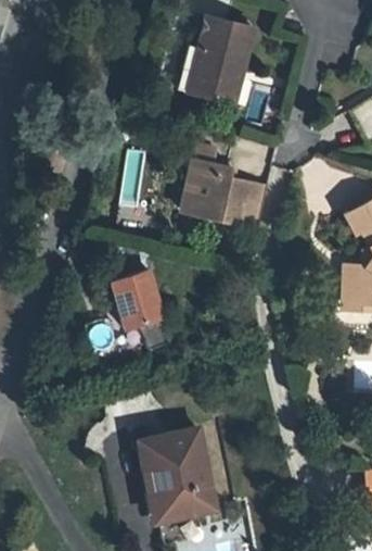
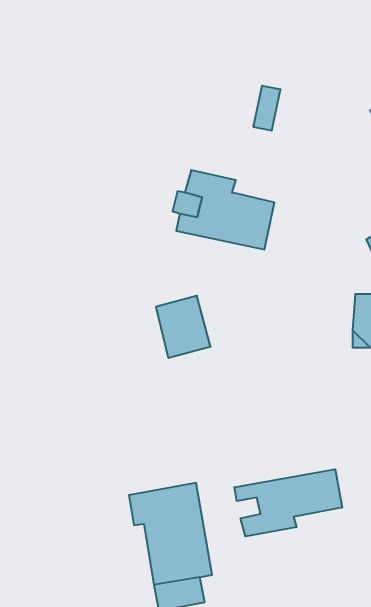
building: [179,12,255,101] -> none
building: [114,273,162,327] -> [156,296,211,358]
building: none -> [234,469,342,536]

